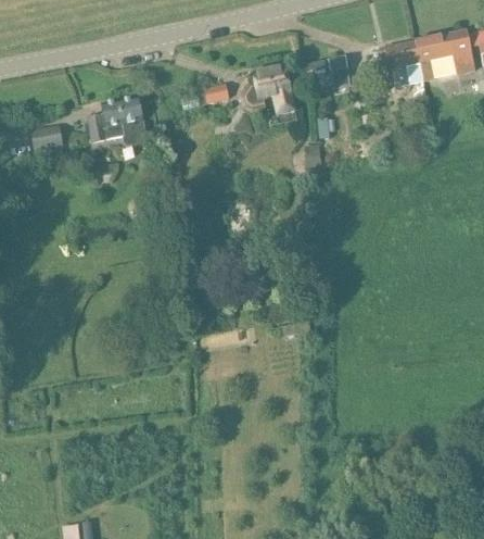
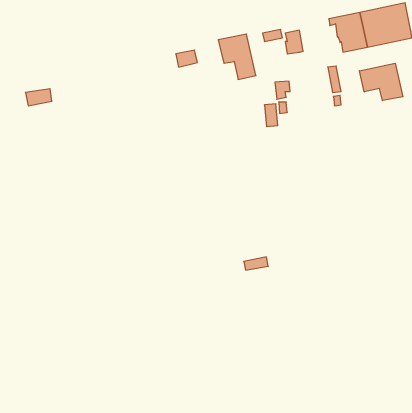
building: [89,97,142,141] -> none
building: none -> [359,63,403,101]

